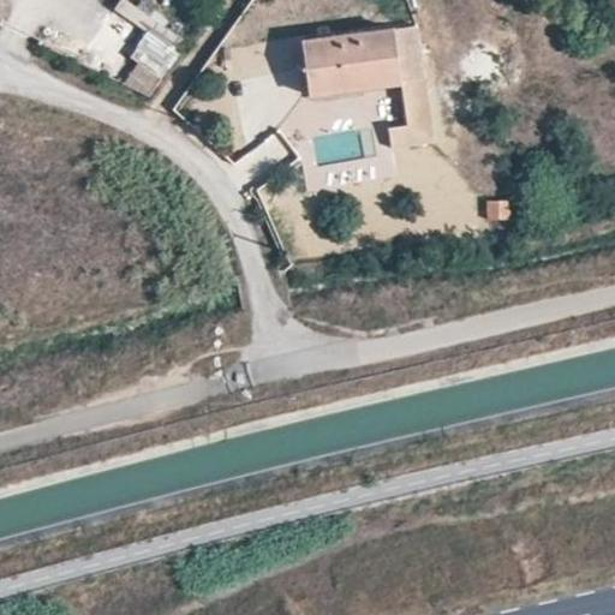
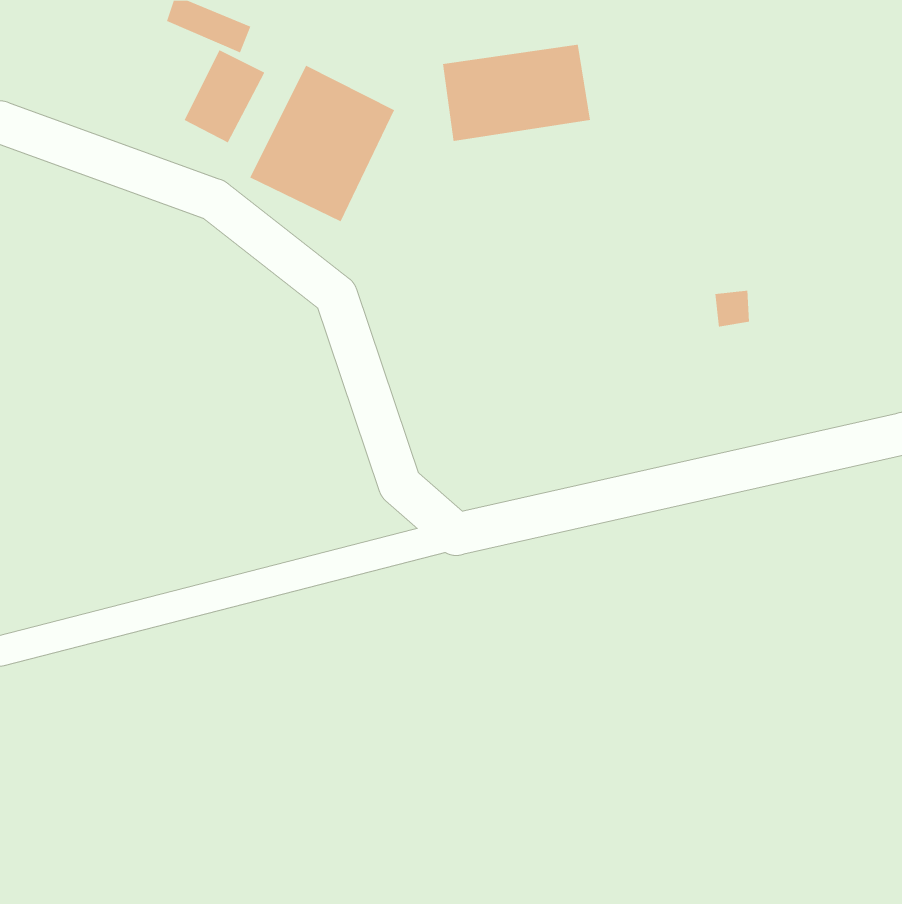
building: [388,26,435,148] -> none
building: none -> [249,65,395,222]

